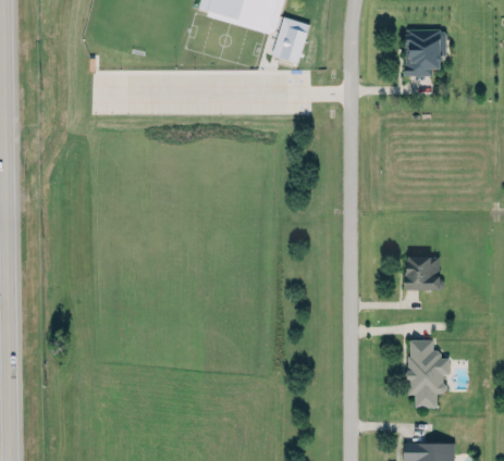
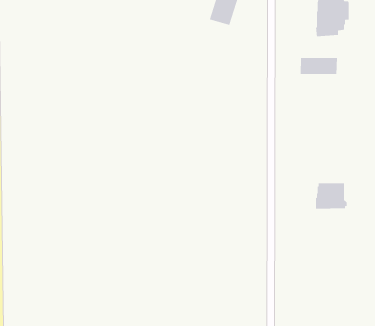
building: none -> [300,57,338,75]
building: [407,340,450,408] -> none

